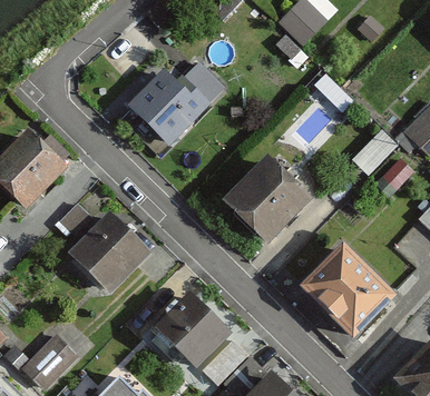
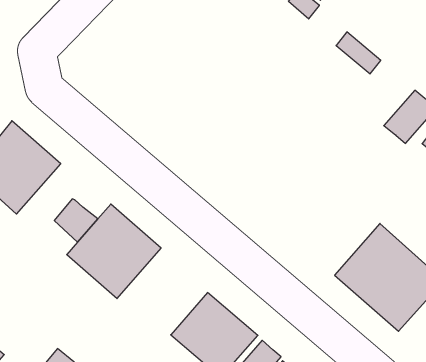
building: [128,62,225,149] -> none
building: [222,155,311,244] -> none

